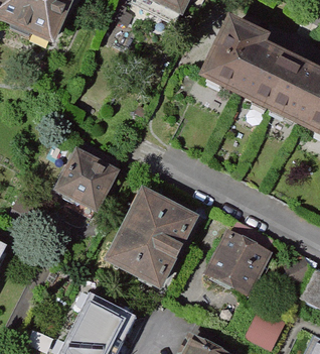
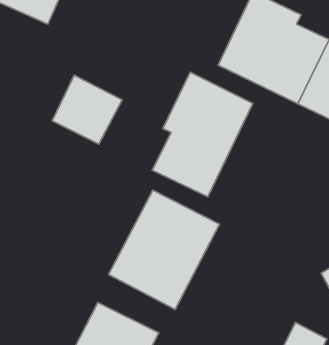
building: none -> [152,72,253,197]
building: [57,149,118,209] -> [52,75,122,144]
building: [212,225,273,288] -> none

